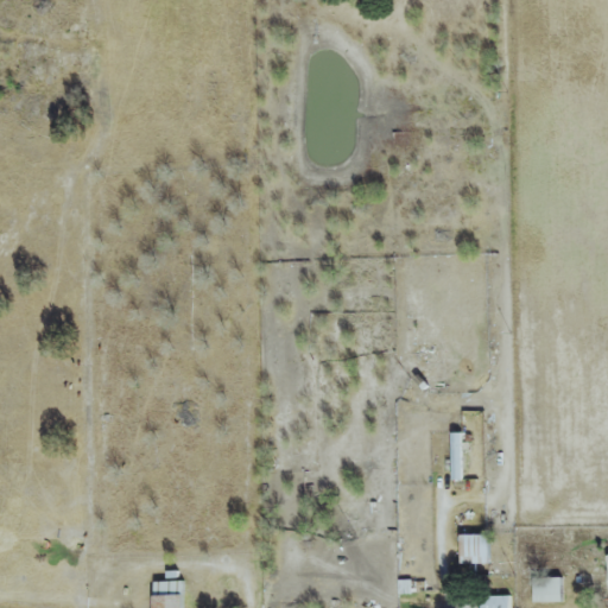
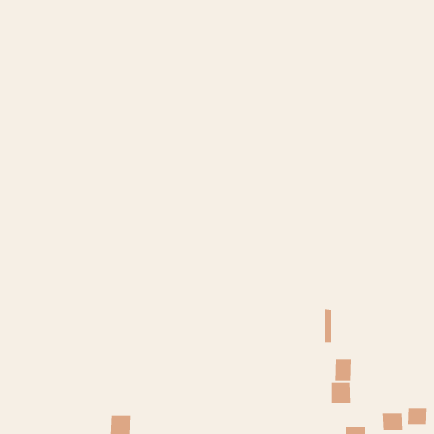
building: none -> [335,359,352,382]
building: none -> [407,408,427,425]

